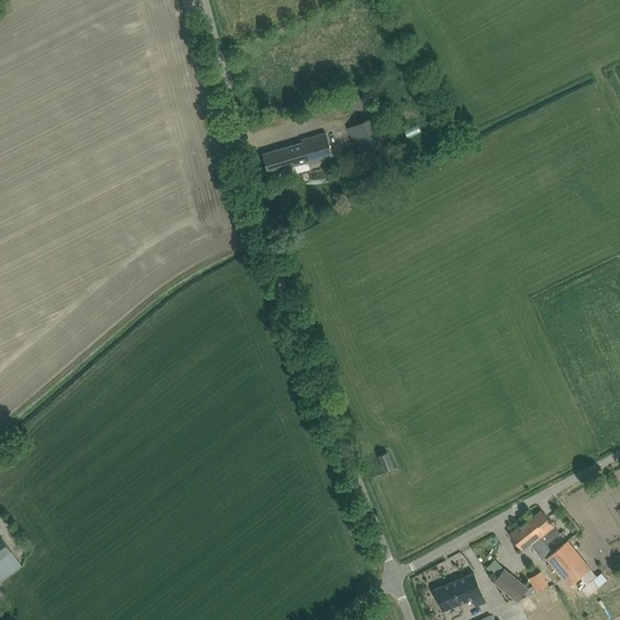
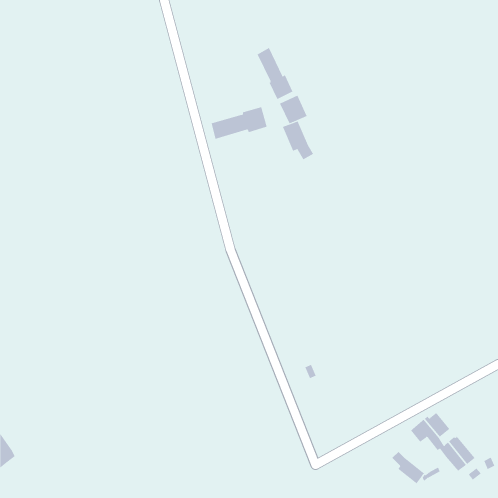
building: none -> [257,47,293,100]
building: none -> [282,120,314,160]
building: [434,574,484,610] -> none

